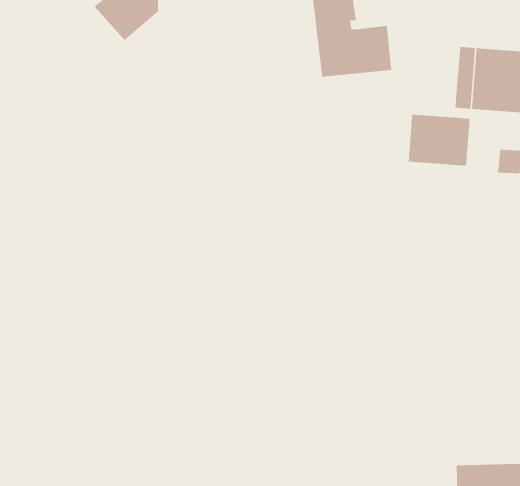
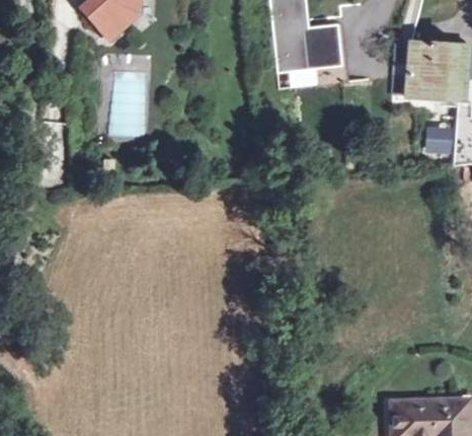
building: [408,114,470,167] -> none

